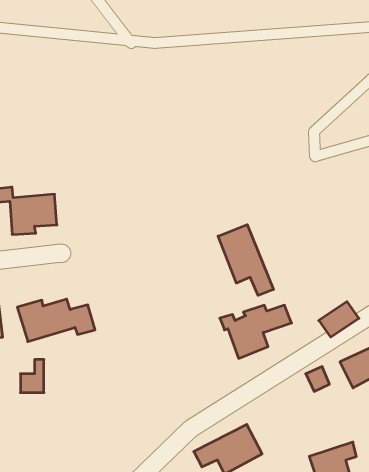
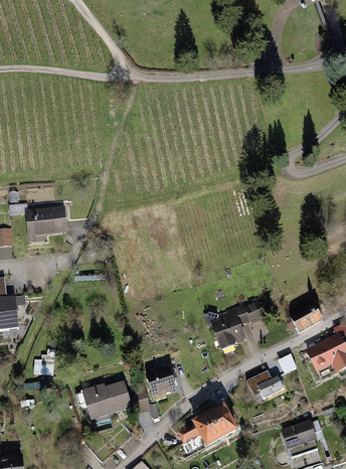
building: [218,225,273,295] -> none
building: [17,299,95,342] -> [82,383,149,420]
building: none -> [145,364,176,399]
building: none -> [248,370,285,402]

